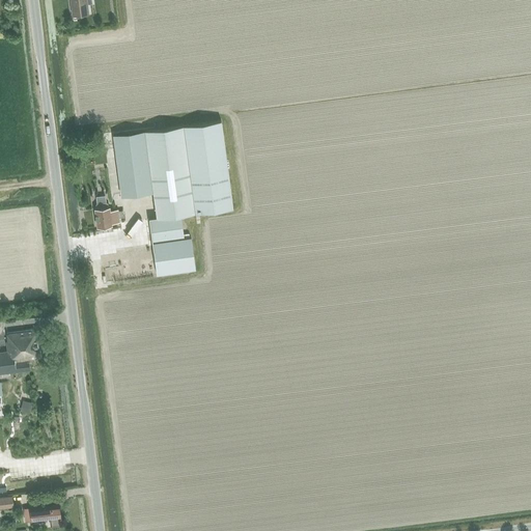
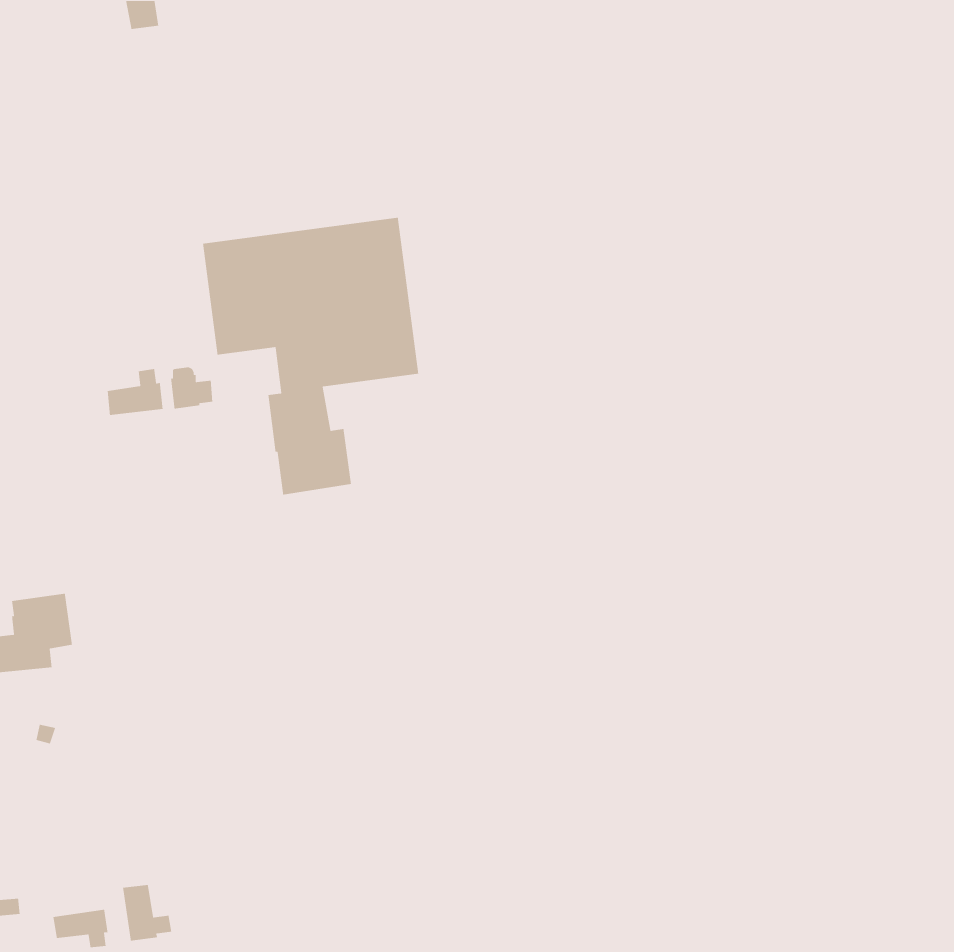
building: none -> [107,368,163,416]
building: none -> [122,884,172,942]

